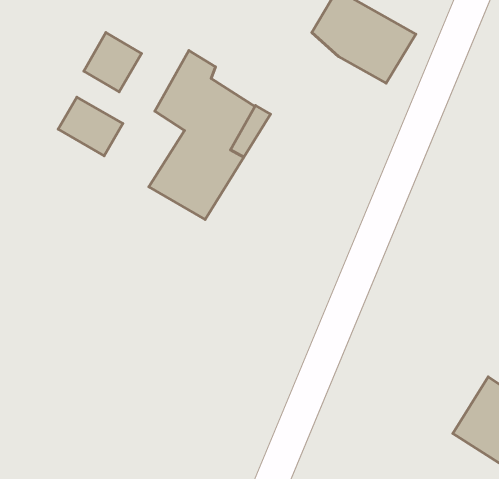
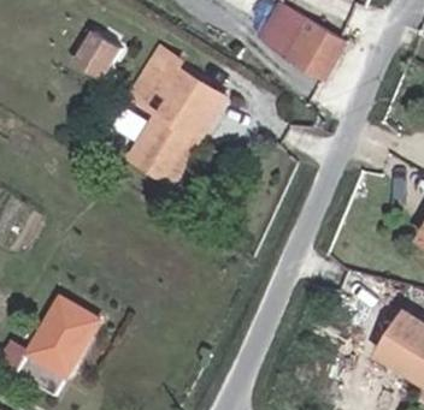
building: [58,97,123,156] -> none
building: none -> [16,292,100,391]

